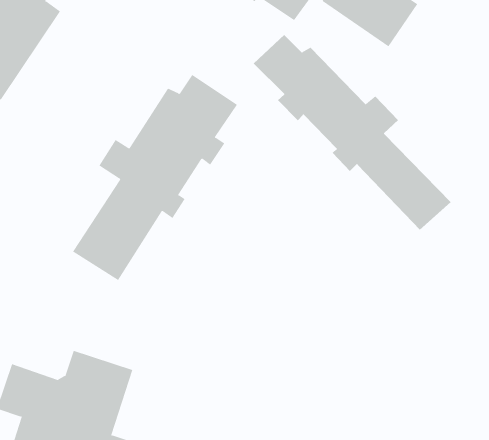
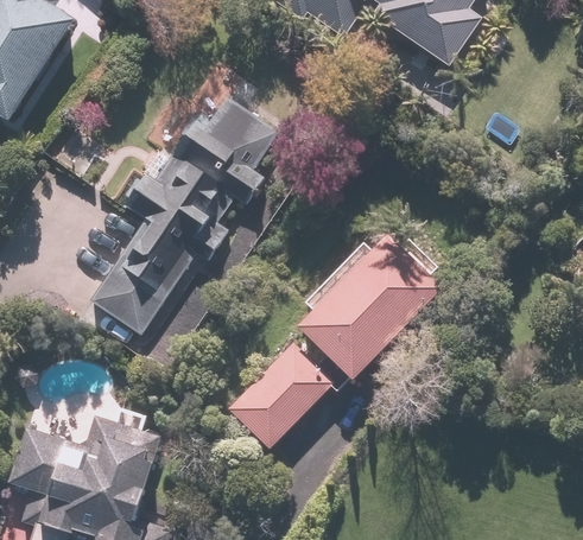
building: [253,34,452,230] -> none
building: none -> [228,234,444,447]

